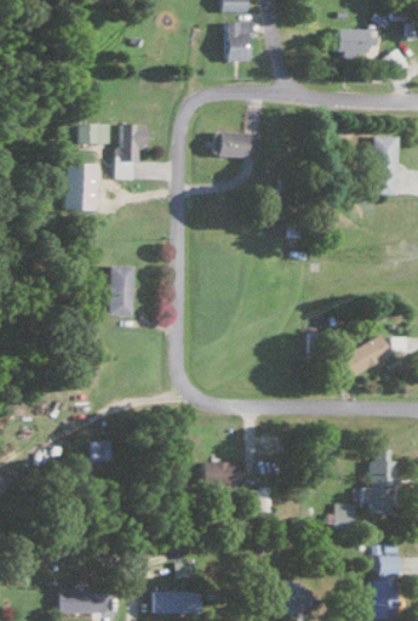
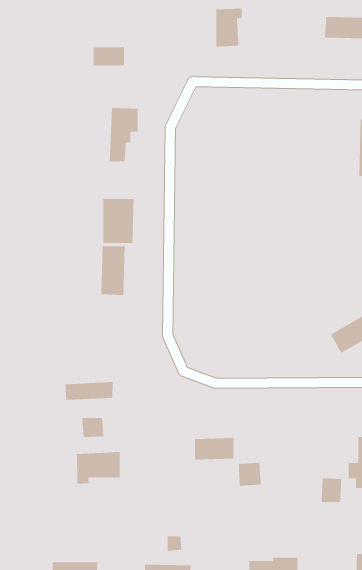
building: [79,124,111,143] -> [93,47,125,66]
building: [214,132,260,158] -> none
building: [65,164,98,210] -> [102,199,134,244]
building: none -> [65,381,113,401]
building: none -> [76,451,120,484]

